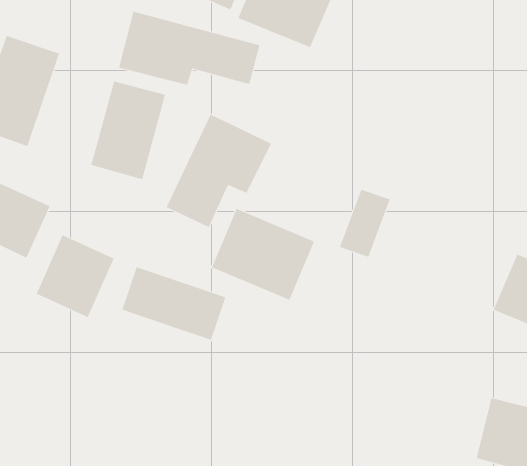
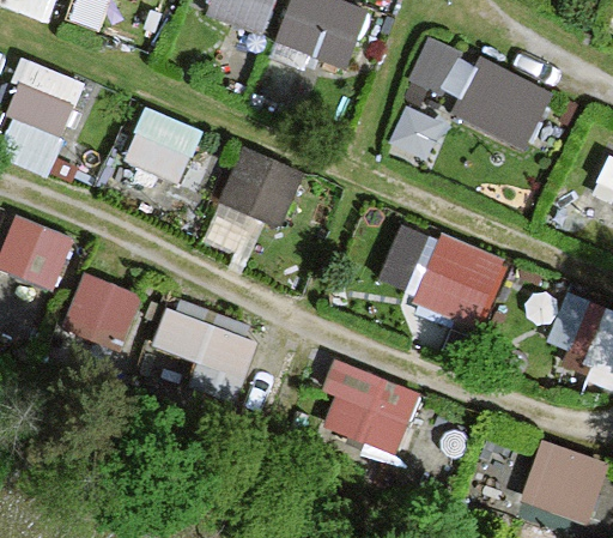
building: none -> [406,32,554,146]
building: [118,11,260,86] -> none
building: none -> [409,232,506,331]
building: [211,208,315,301] -> [317,362,426,459]

